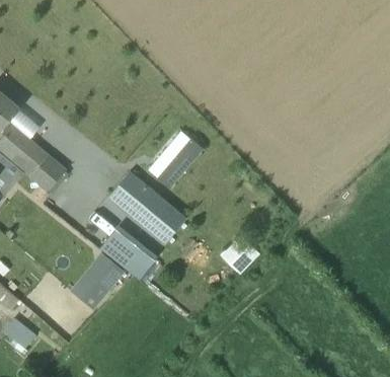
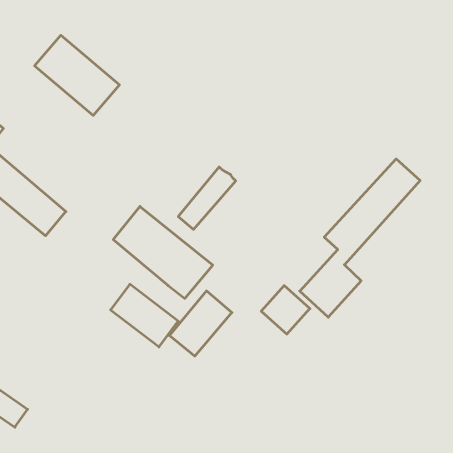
building: none -> [35,35,119,115]
building: none -> [300,159,420,317]
building: [73,258,123,310] -> [169,291,232,356]

